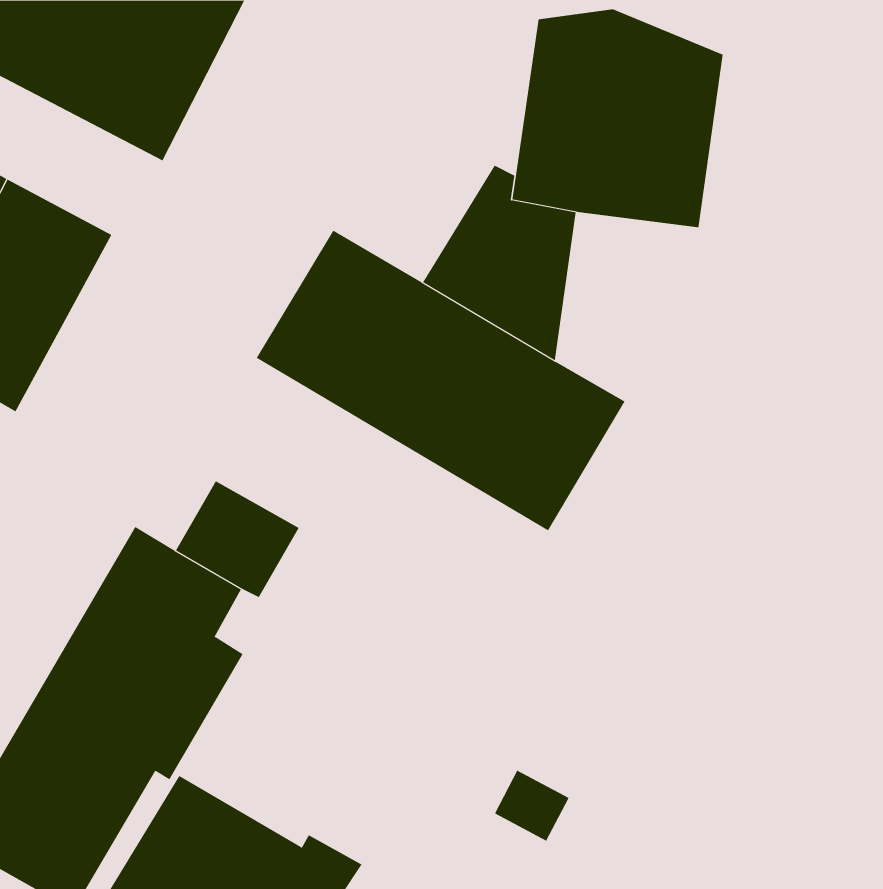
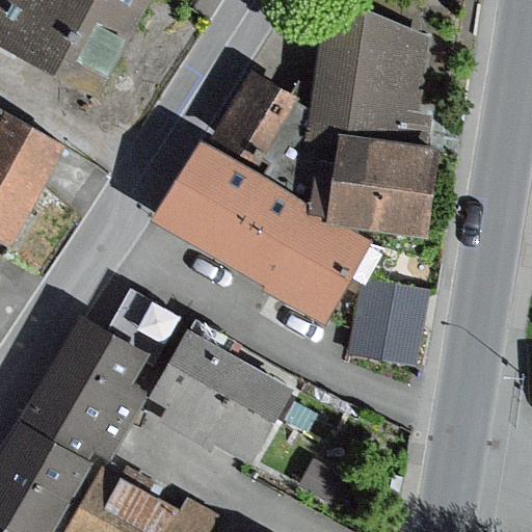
building: none -> [208,68,296,163]
building: none -> [329,130,442,233]
building: none -> [346,281,426,371]
building: none -> [151,328,295,466]

